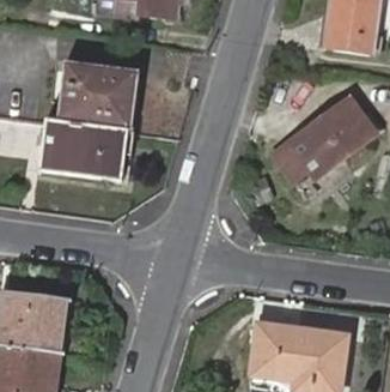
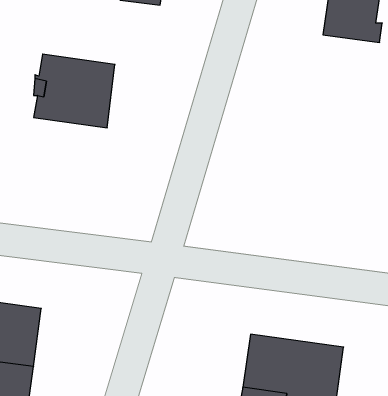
building: [273,95,376,176] -> none
building: [42,120,127,176] -> none

